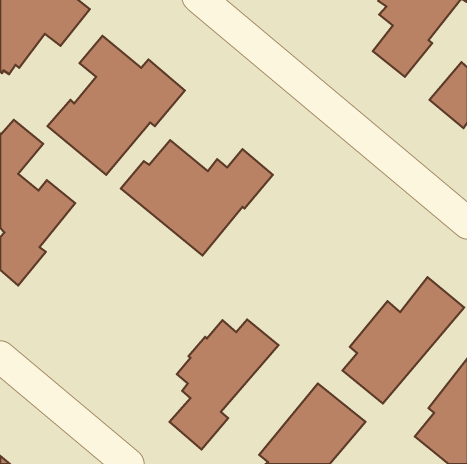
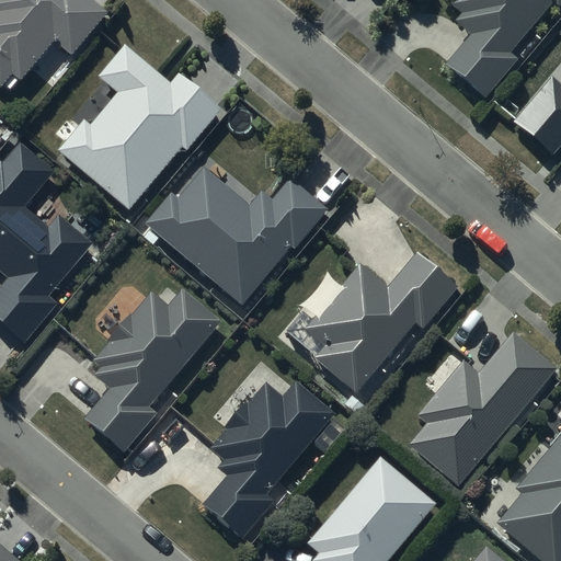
building: none -> [304,251,458,392]
building: none -> [84,287,222,450]

